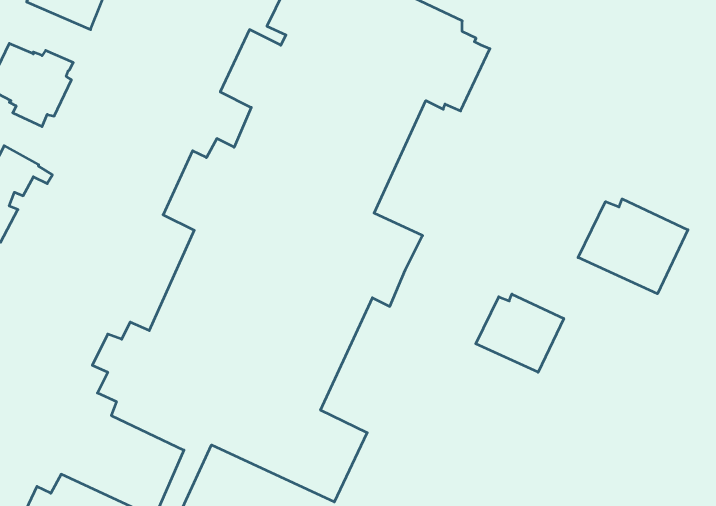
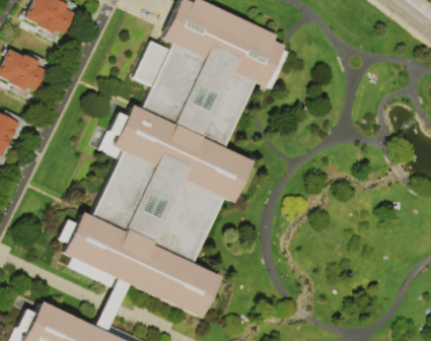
building: [578,199,688,294] -> none
building: [476,294,564,372] -> none

